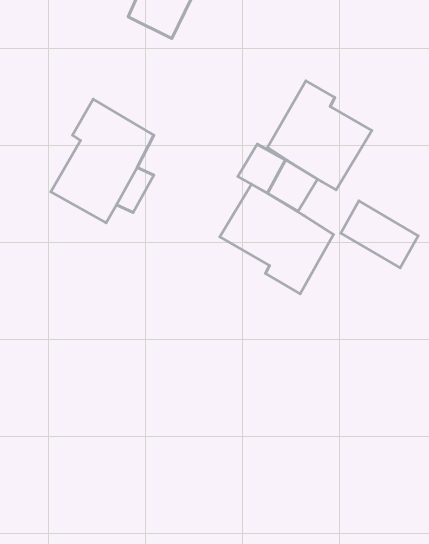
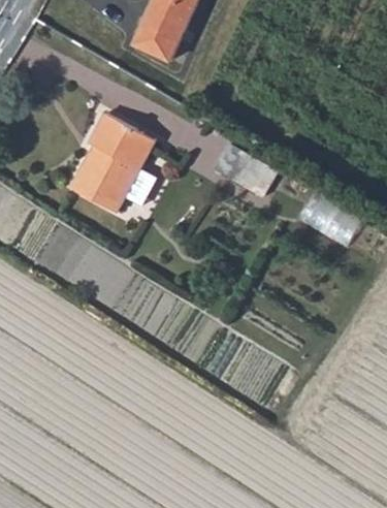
building: [268,81,372,190] -> none
building: [220,184,333,294] -> none

